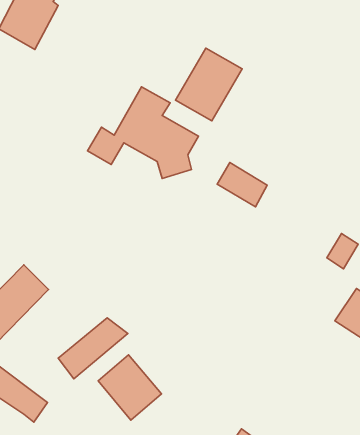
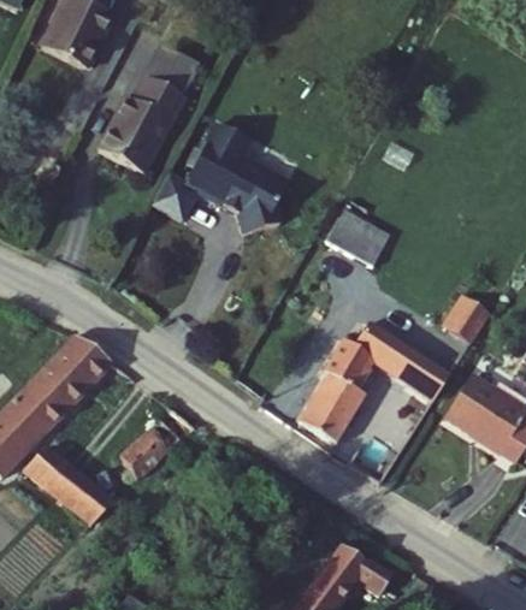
building: none -> [106,61,193,159]
building: [176,48,242,121] -> none
building: none -> [299,324,450,446]
building: [98,355,161,420] -> none

